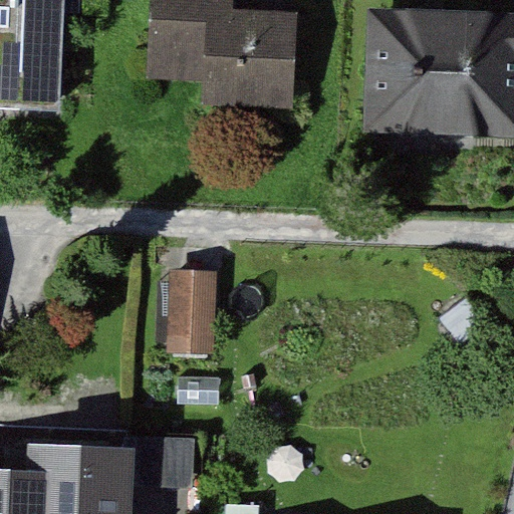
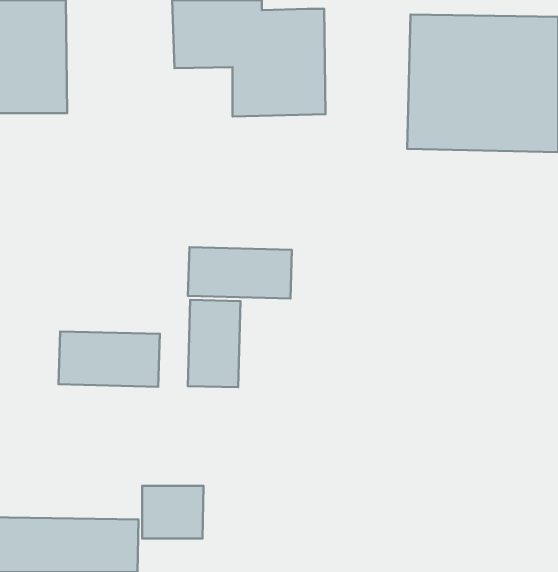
building: none -> [188,247,292,299]
building: none -> [59,331,160,387]

